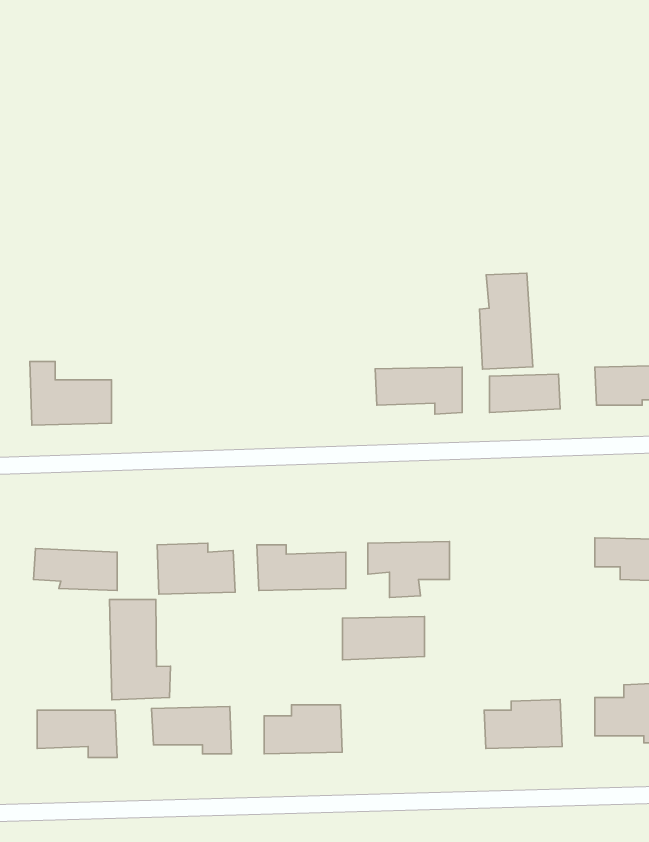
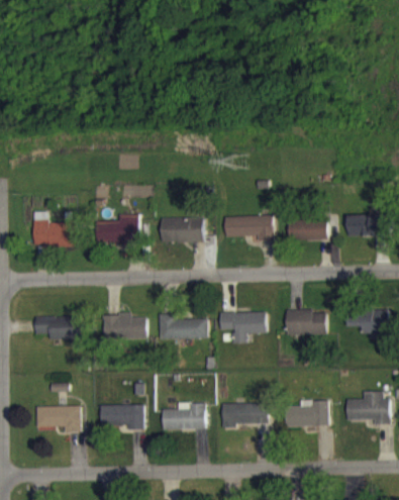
building: [479,273,533,369] -> none
building: none -> [98,214,138,244]
building: none -> [160,217,203,242]
building: none -> [286,310,326,335]
building: [109,599,170,700] -> none
building: [343,616,424,660] -> [222,403,268,427]

